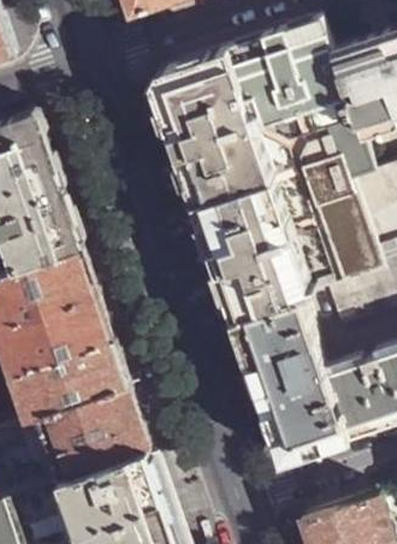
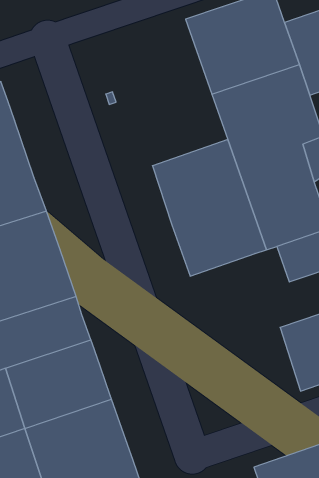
building: [147,47,271,202] -> none
building: [231,295,348,463] -> none

